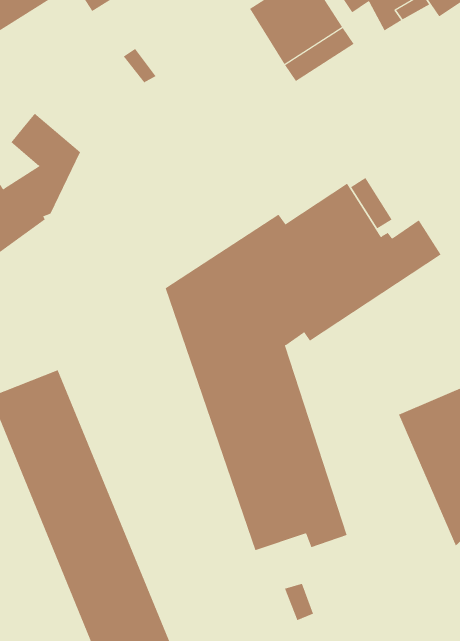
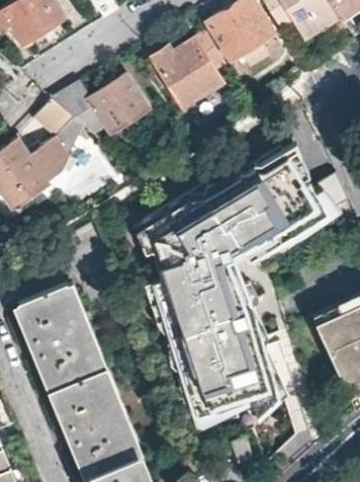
building: none -> [147,32,222,107]
building: none -> [49,76,144,136]

